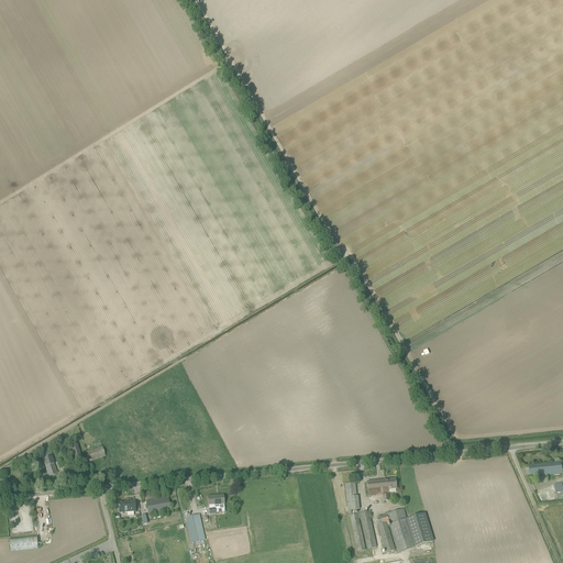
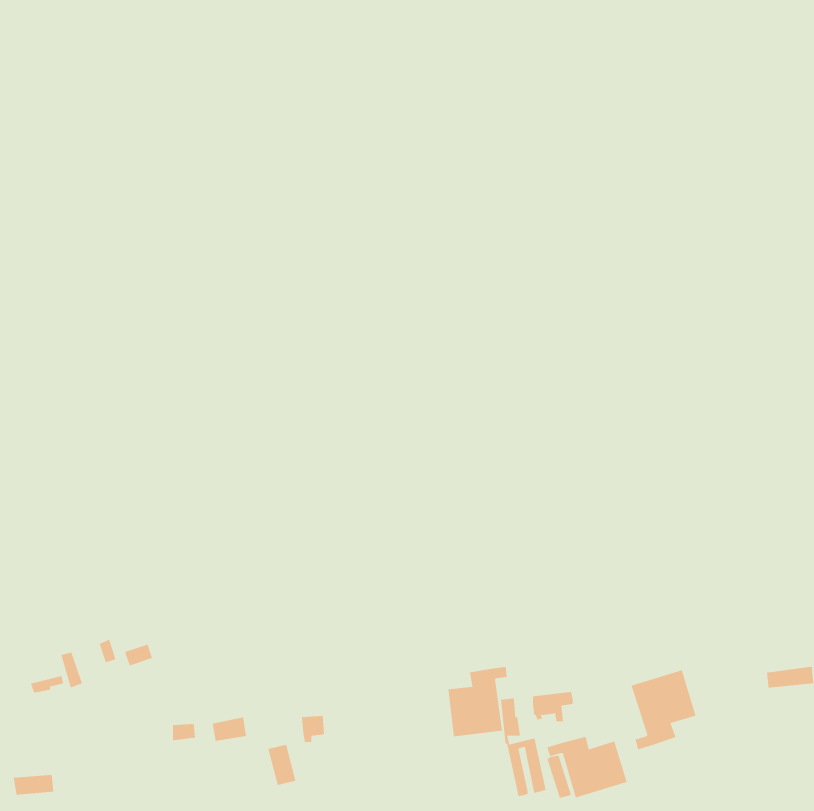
building: none -> [448,666,507,737]
building: none -> [631,670,696,750]

